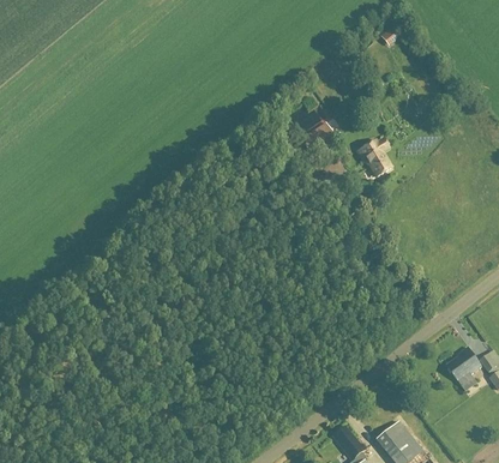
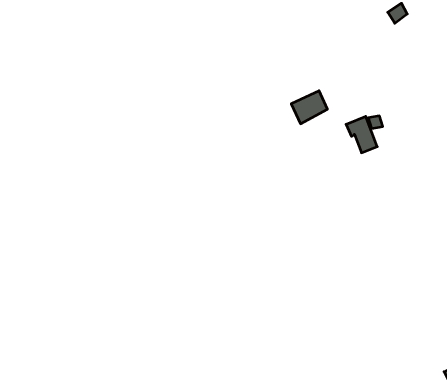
building: [446,347,481,380] -> none

